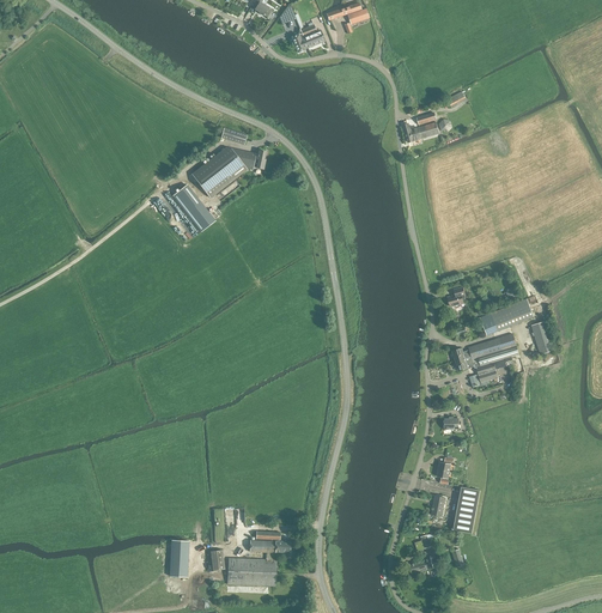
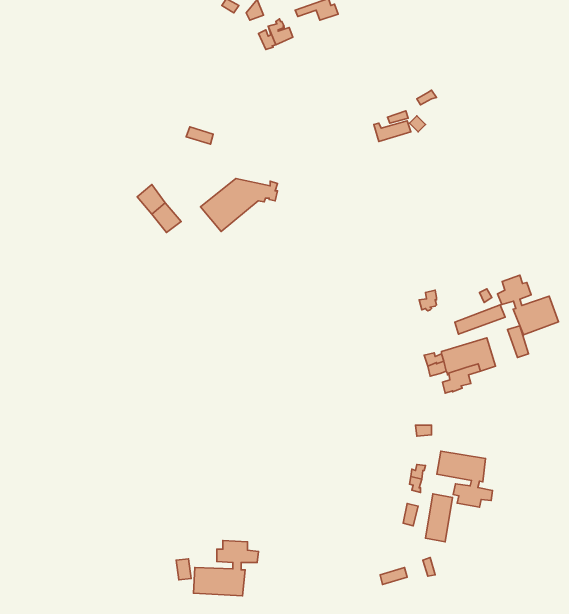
building: [189,146,264,198] -> [200,179,278,231]
building: none -> [497,275,559,335]
building: none -> [437,451,492,507]
building: [169,539,188,576] -> none

